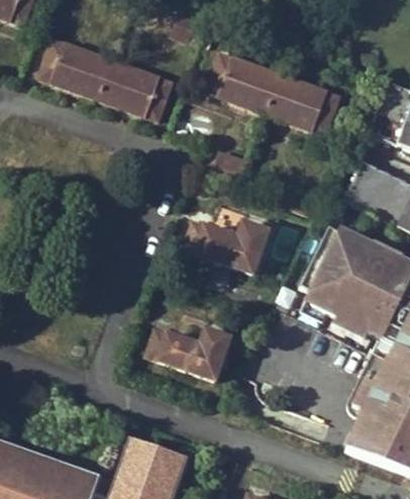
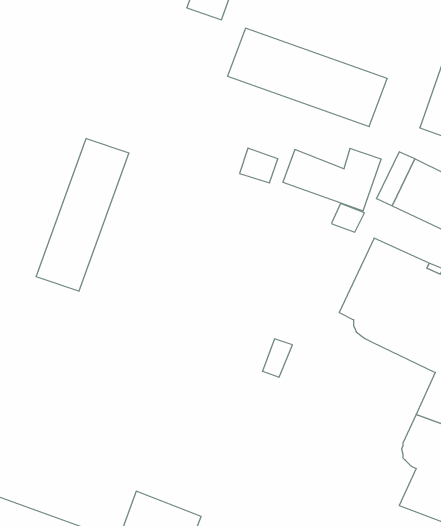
building: [38,38,172,119] -> none
building: none -> [36,138,129,291]
building: [186,221,269,274] -> [283,148,381,211]
building: [146,328,230,381] -> none

